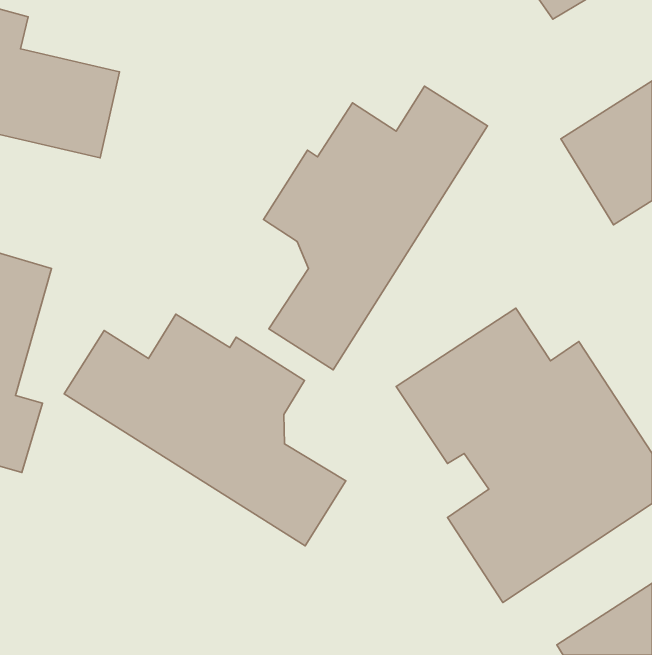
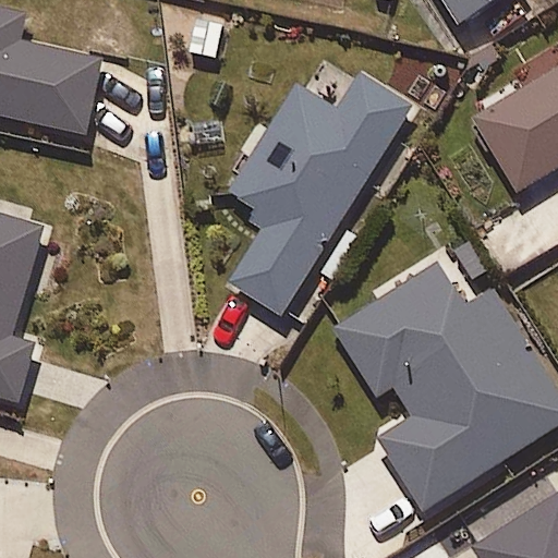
building: [64,314,346,546] -> none

